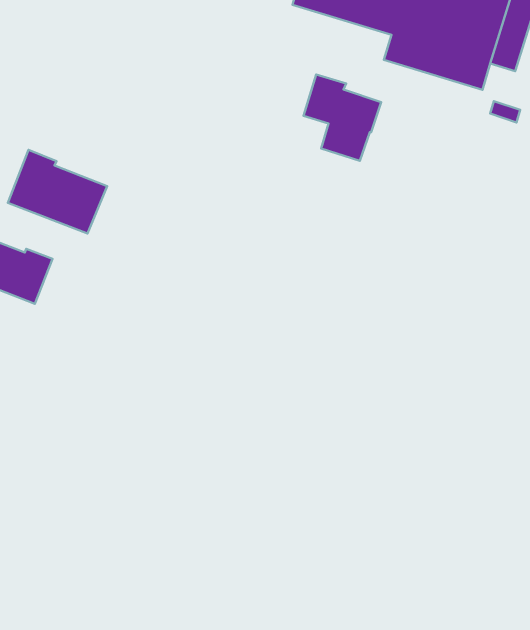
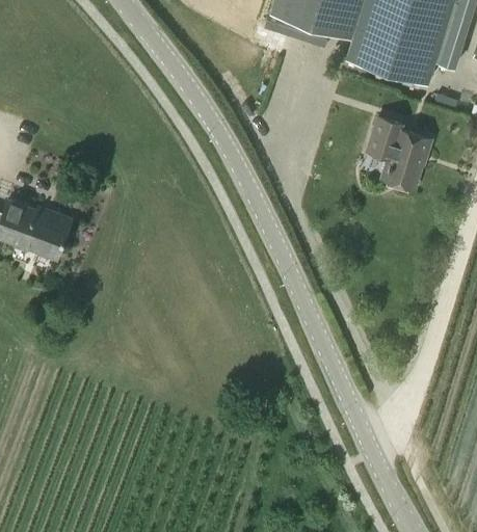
building: [304,75,381,161] -> [366,117,430,189]
building: [8,150,107,234] -> none

